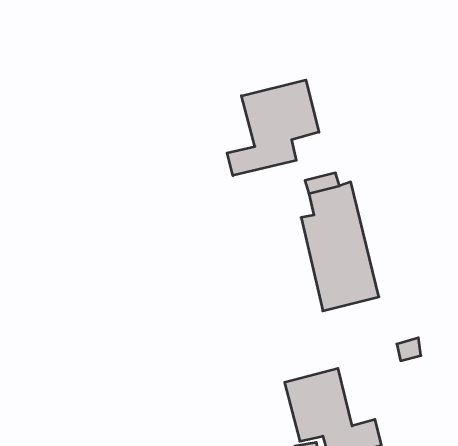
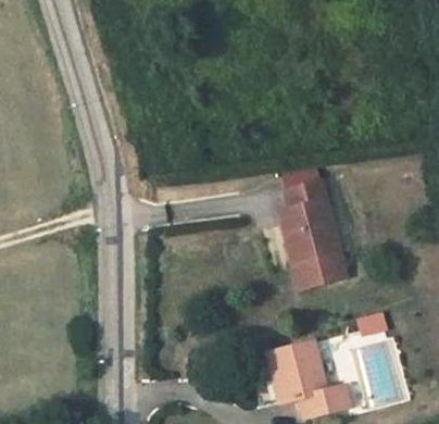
building: [227,80,319,176] -> none

